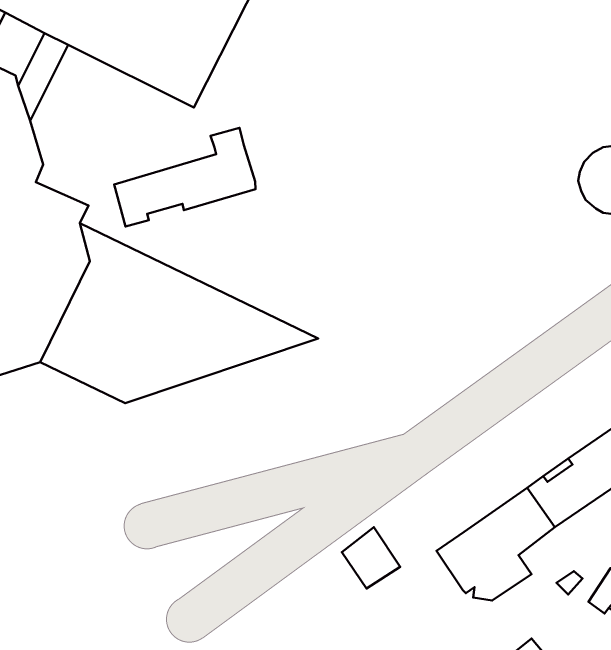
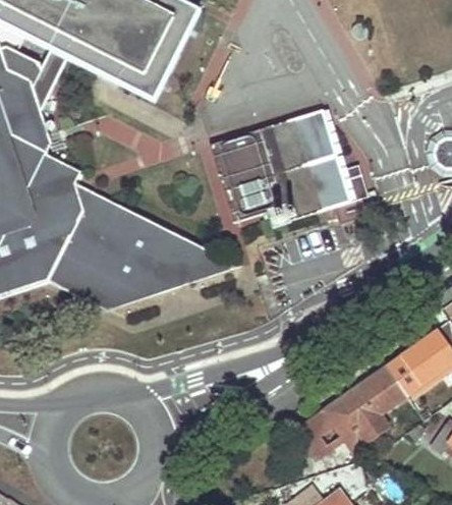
building: none -> [211,108,368,219]
building: [114,128,256,226] -> none
building: [342,527,400,589] -> [301,411,342,454]

